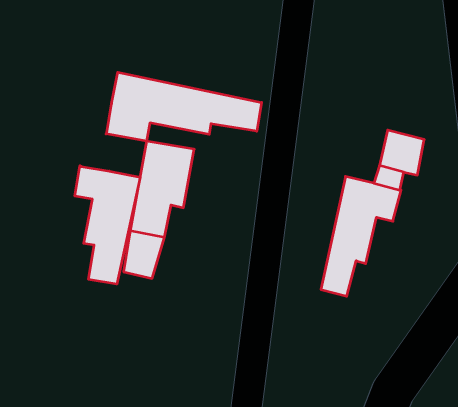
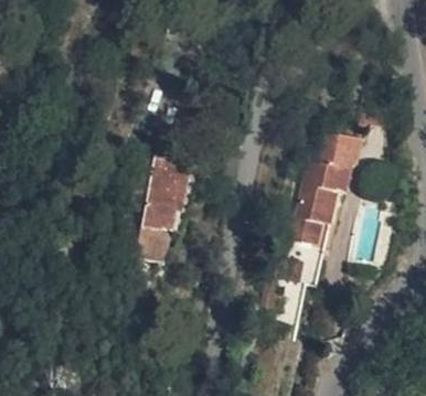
building: [106,72,262,141] -> none
building: [75,166,140,284] -> none

